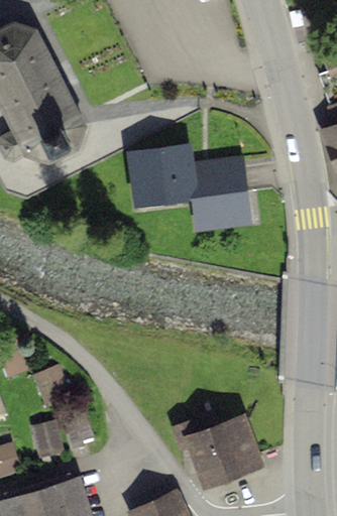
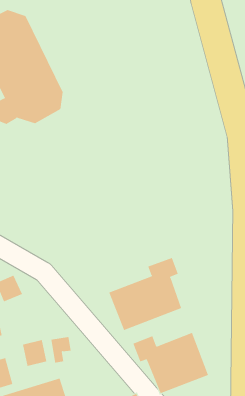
building: [125,144,249,234] -> none
building: none -> [109,257,182,331]
building: [38,369,74,407] -> none

